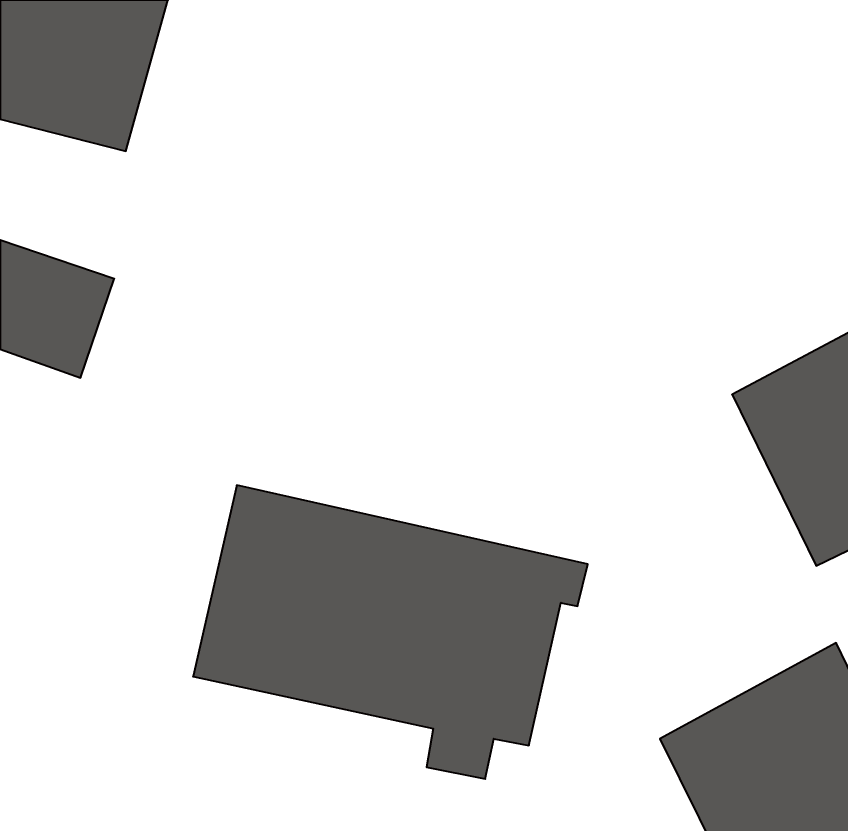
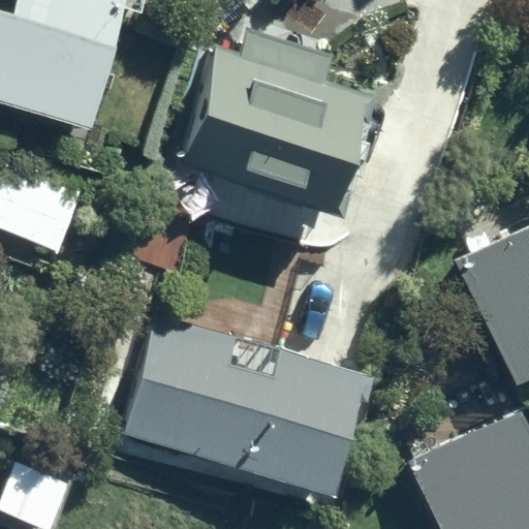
building: none -> [181,29,371,198]

